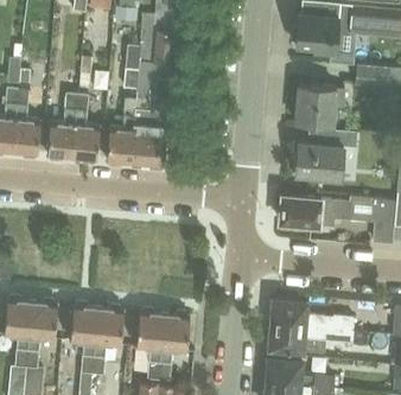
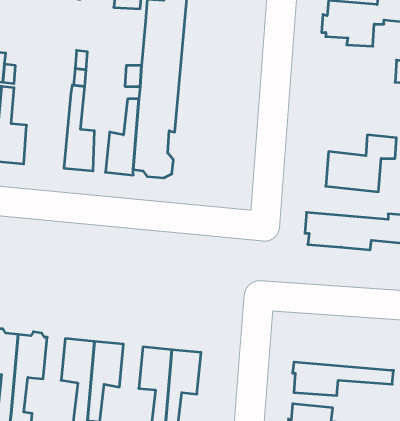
building: [294,85,345,126] -> none
building: [46,93,77,158] -> none
building: [268,299,352,331] -> none

